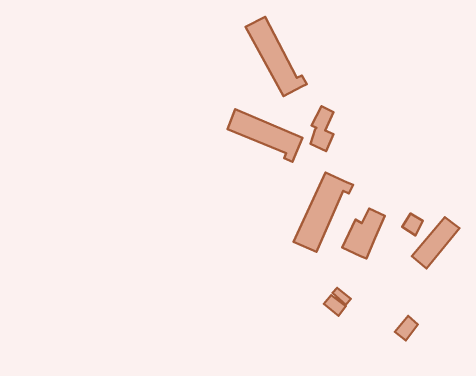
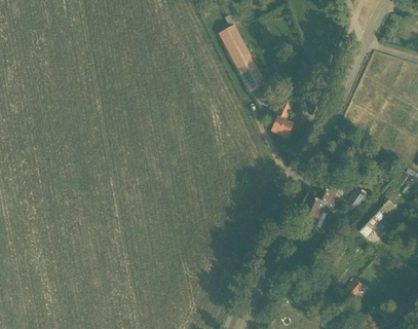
building: [227,109,302,162] -> none
building: [294,173,353,252] -> none

